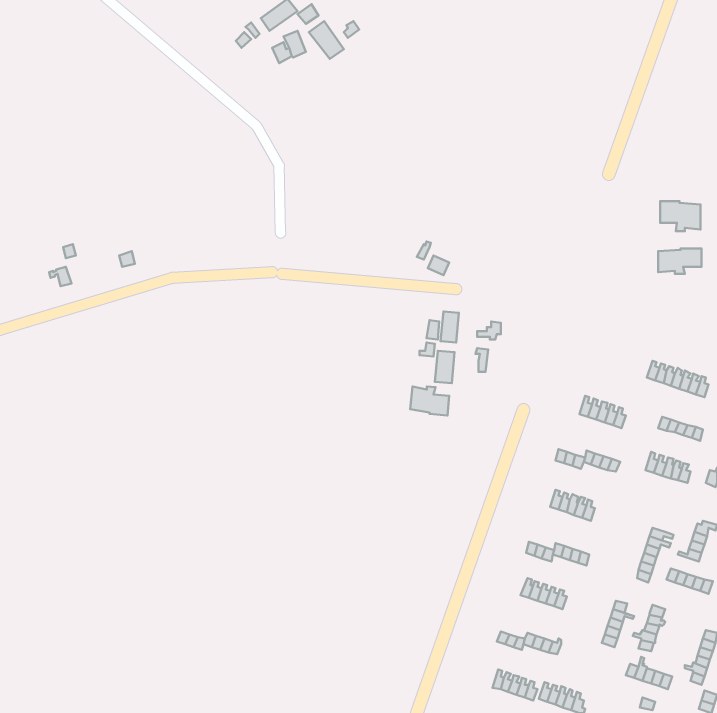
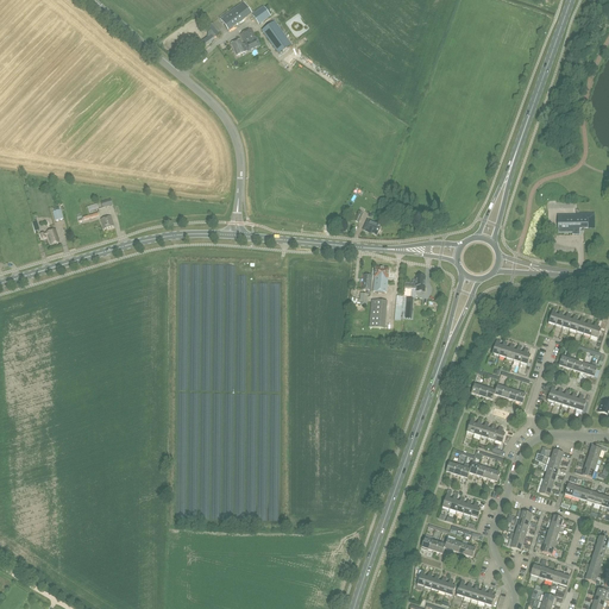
building: [660,201,701,231] -> none
building: [410,386,449,415] -> none

